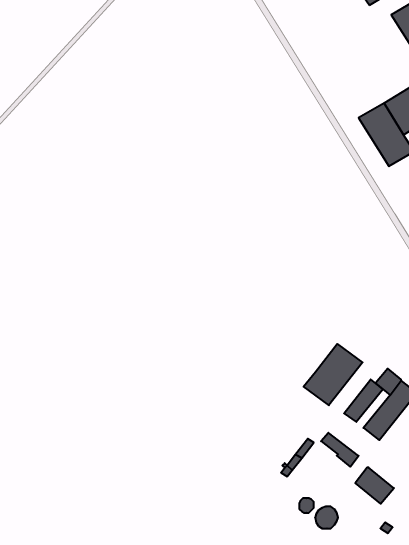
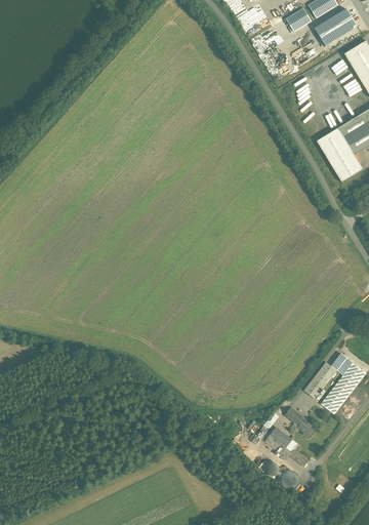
building: [304,344,363,405] -> none
building: [355,467,394,504] -> [264,427,297,457]

